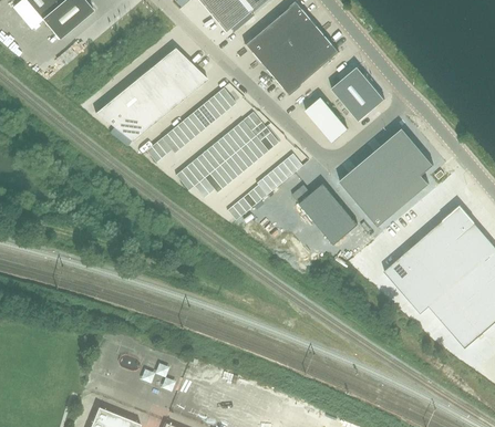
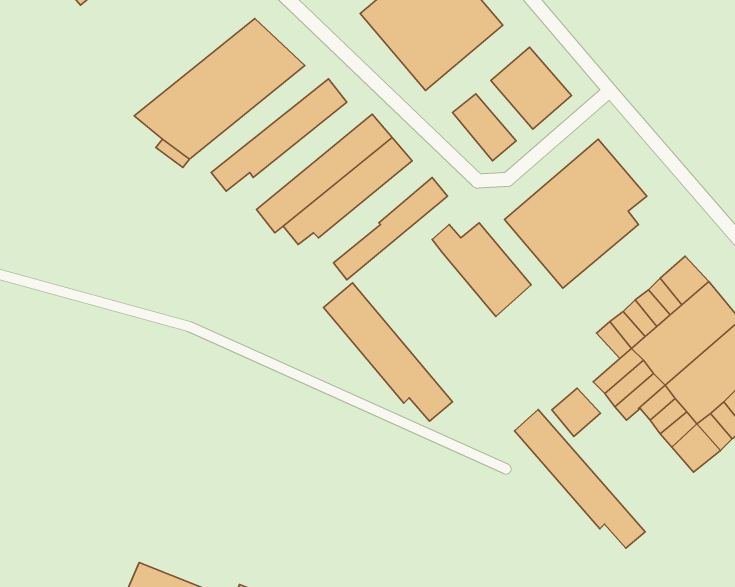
building: none -> [324,283,453,421]
building: [384,256,416,288] -> [552,388,601,437]
building: none -> [514,410,645,548]

